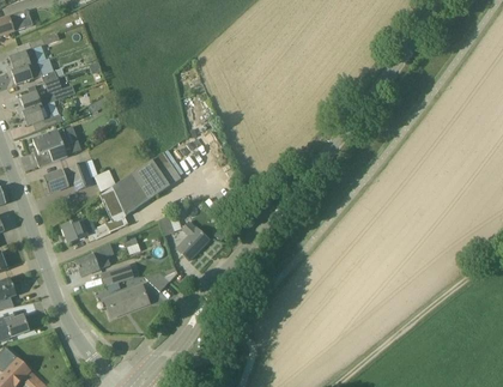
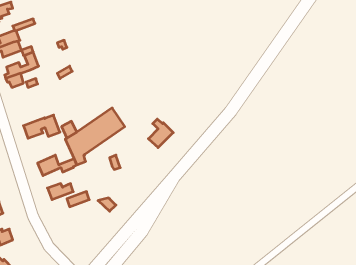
building: [32,128,71,165] -> none
building: [176,222,210,260] -> [148,119,173,148]
building: [104,284,149,316] -> none

